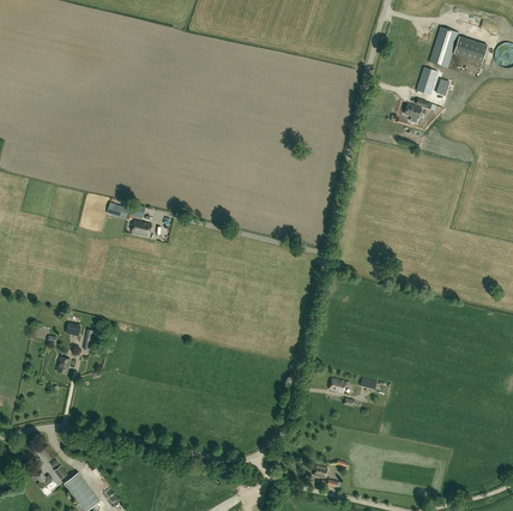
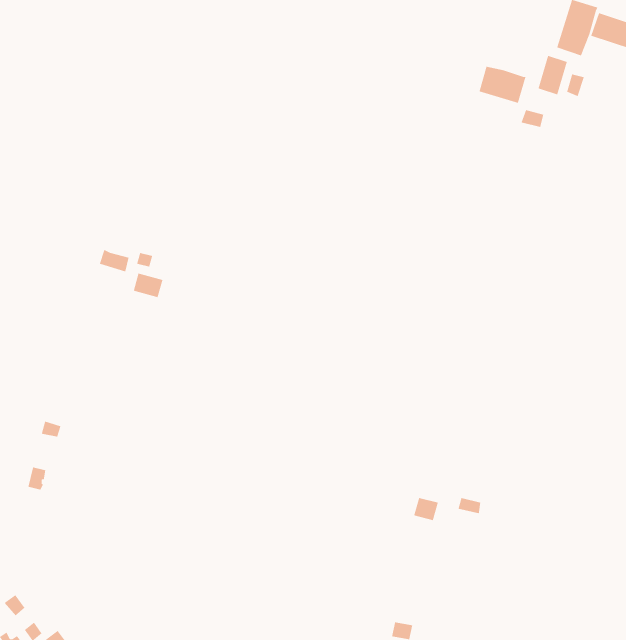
building: none -> [478,66,527,104]

